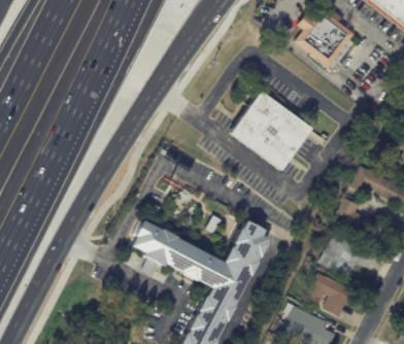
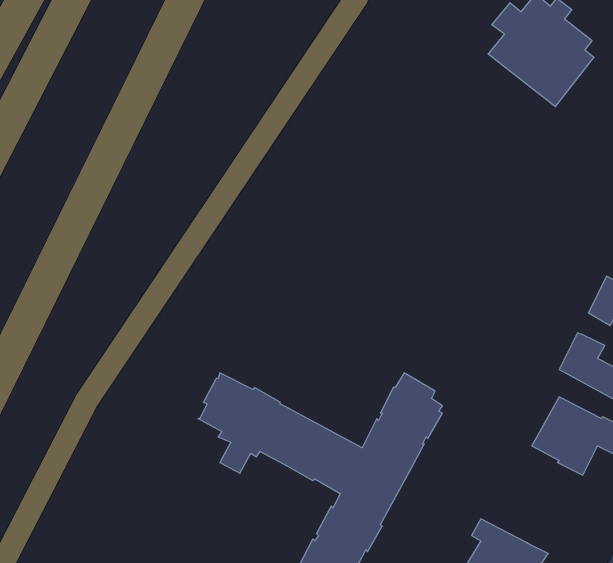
building: [228,89,311,170] -> none
building: [307,273,354,317] -> none

